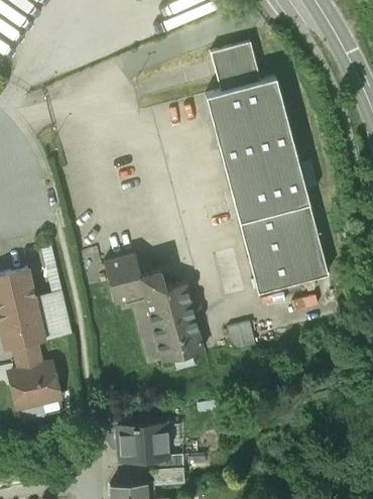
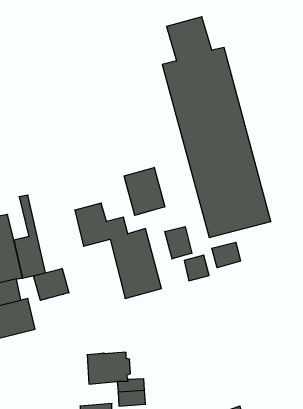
building: none -> [124,167,165,215]
building: none -> [165,227,192,259]
building: none -> [212,242,241,268]
building: none -> [34,268,69,300]

